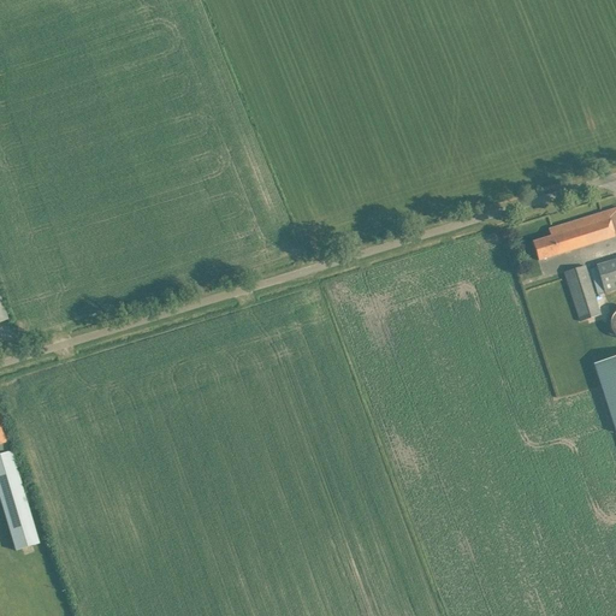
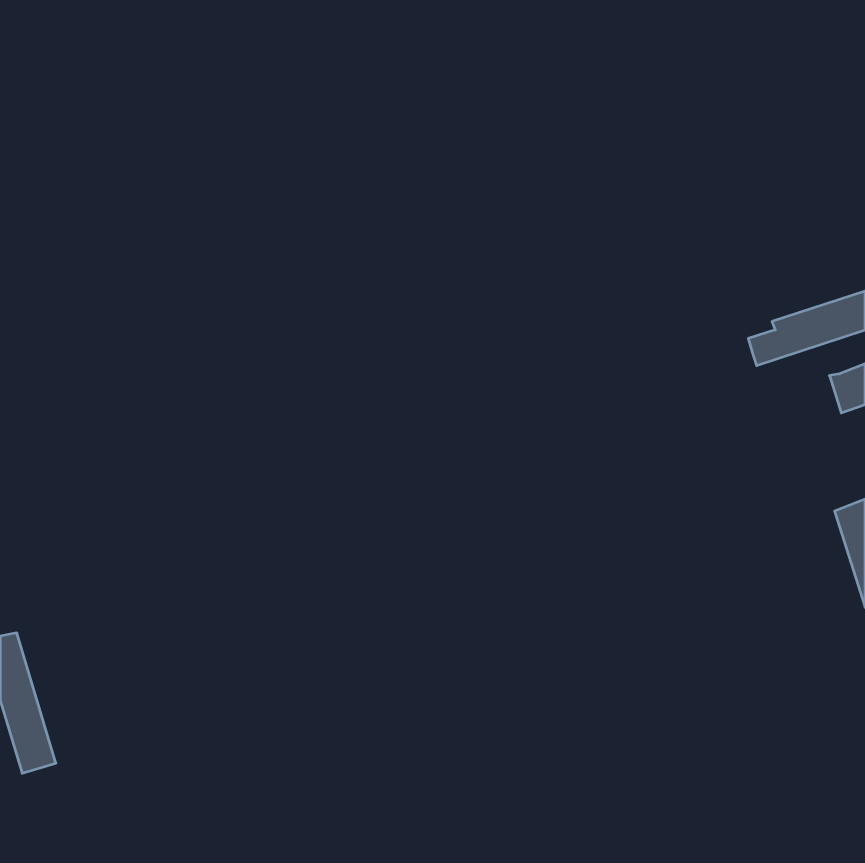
building: [563,263,600,320] -> none

